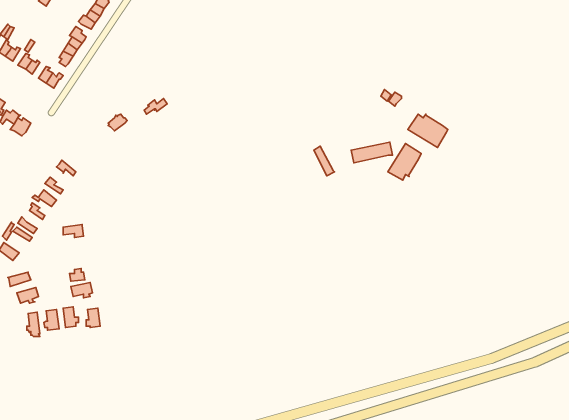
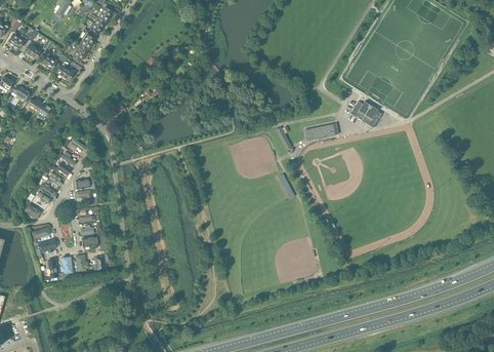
building: [388,143,421,180] -> none

